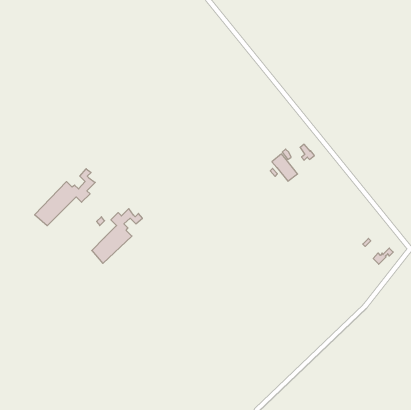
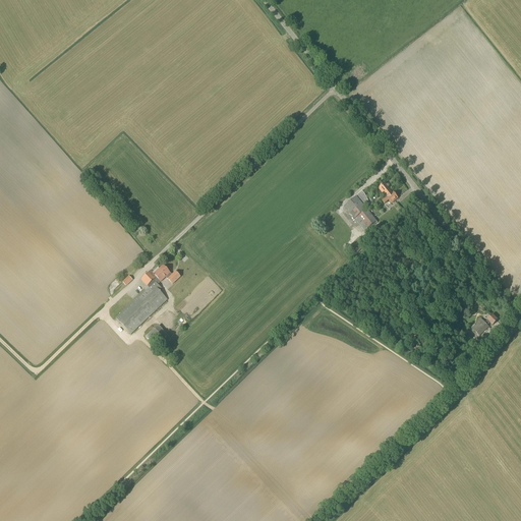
building: [35,169,95,226] -> none

